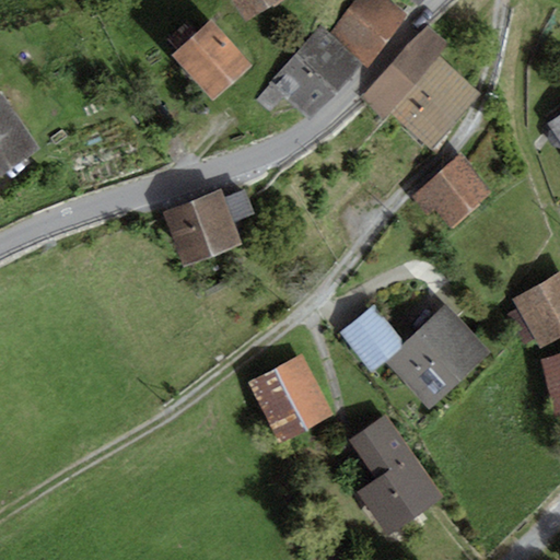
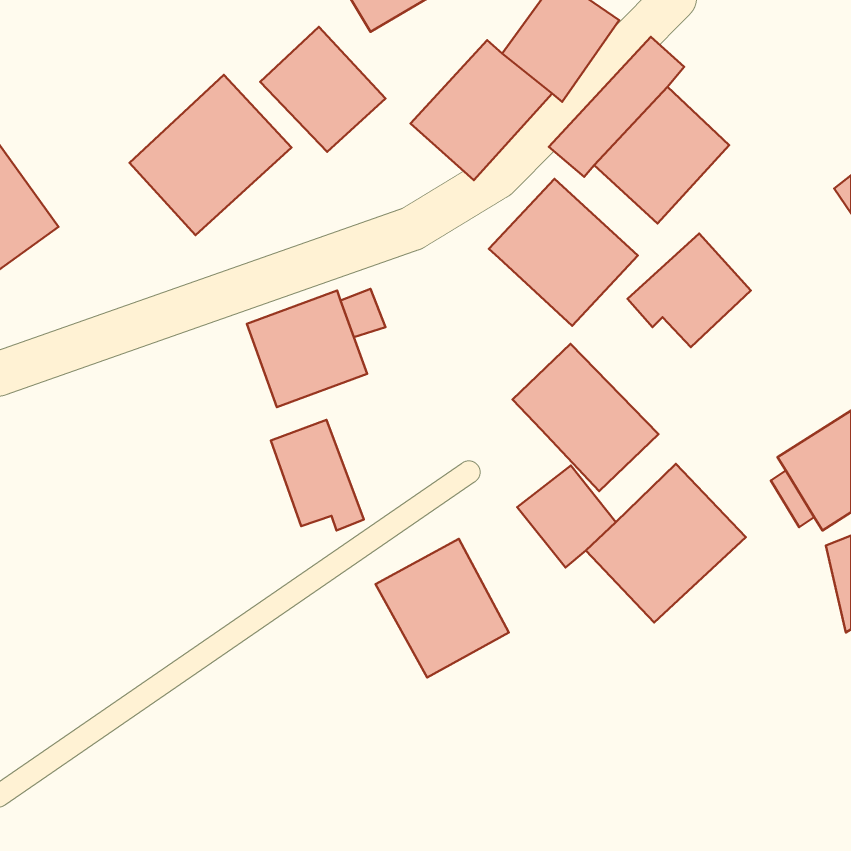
building: none -> [130,75,291,235]
building: none -> [489,179,638,326]
building: none -> [512,344,659,491]
building: none -> [271,420,364,530]
building: [349,415,442,534] -> none

